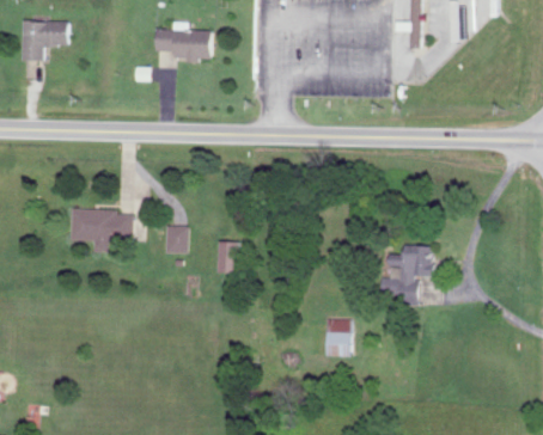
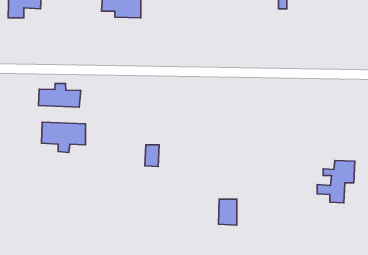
building: none -> [38,84,81,107]
building: [164,225,187,253] -> none
building: [379,244,433,305] -> [317,160,355,203]

